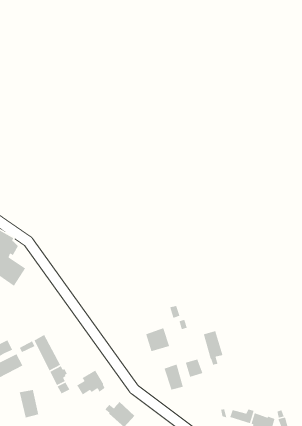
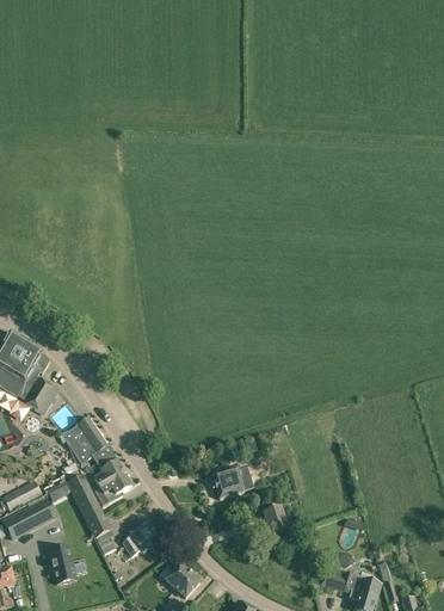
building: none -> [63,416,132,505]
building: [203,330,224,366] -> none
building: [164,363,184,391] -> none

